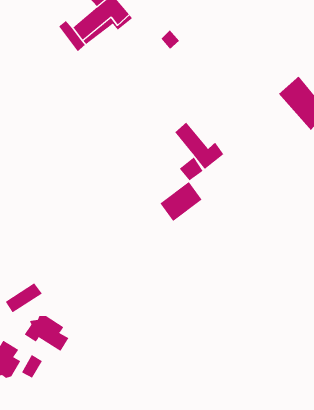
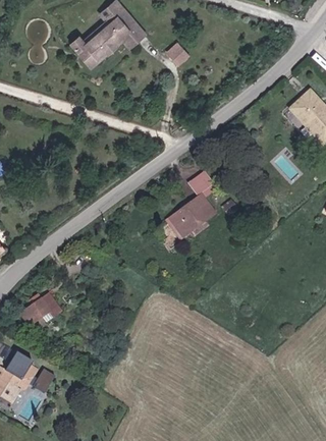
building: [175,122,224,170] -> none
building: [24,315,69,352] -> none

